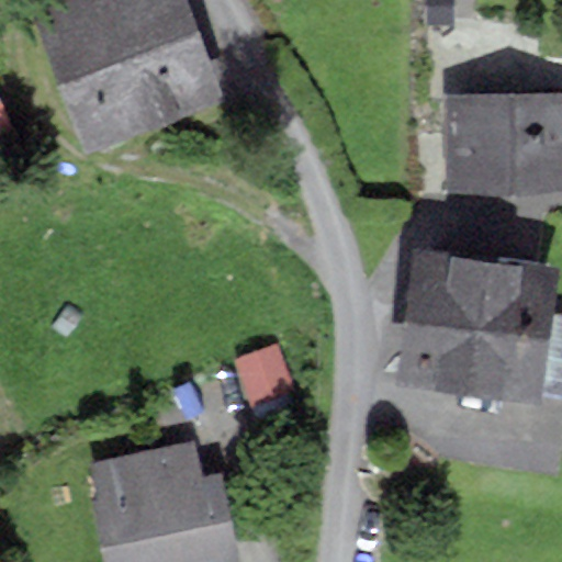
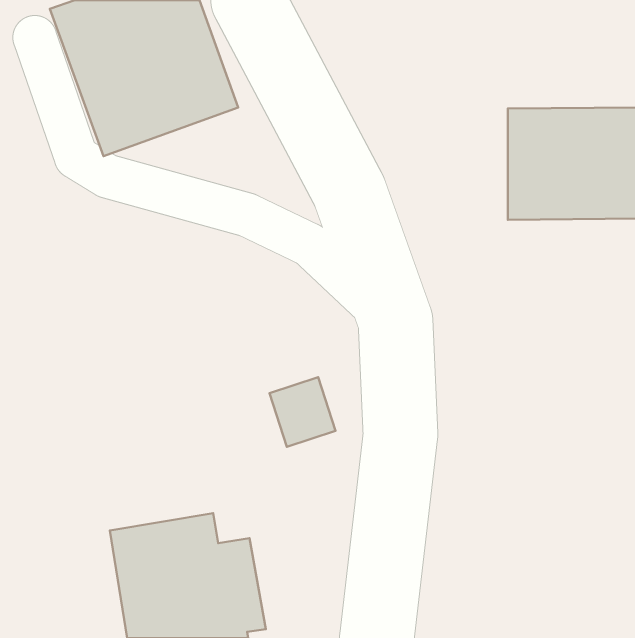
building: [406,251,552,390] -> none

